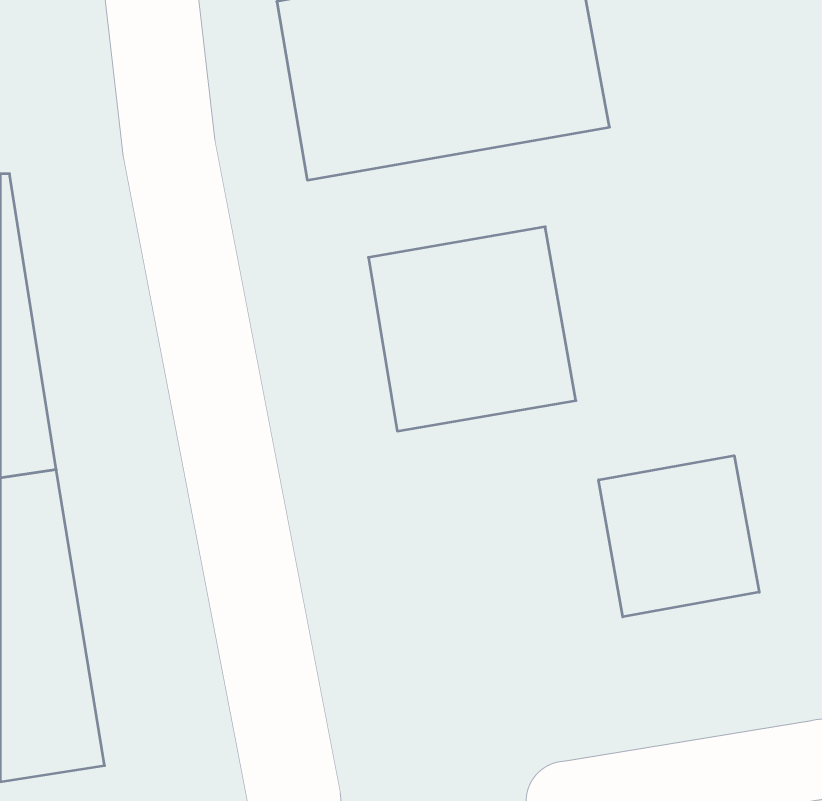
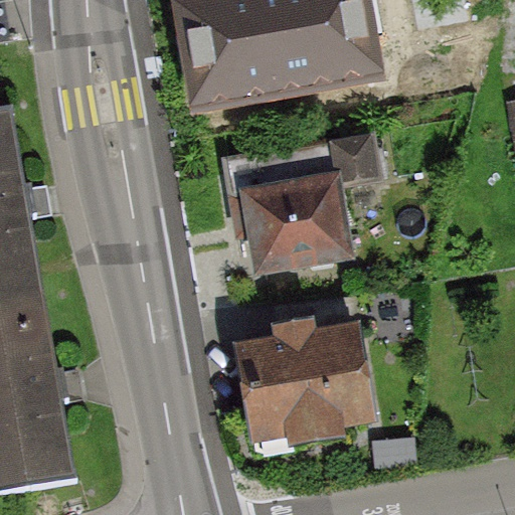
building: [599,456,759,617] -> none
building: none -> [242,321,380,443]

